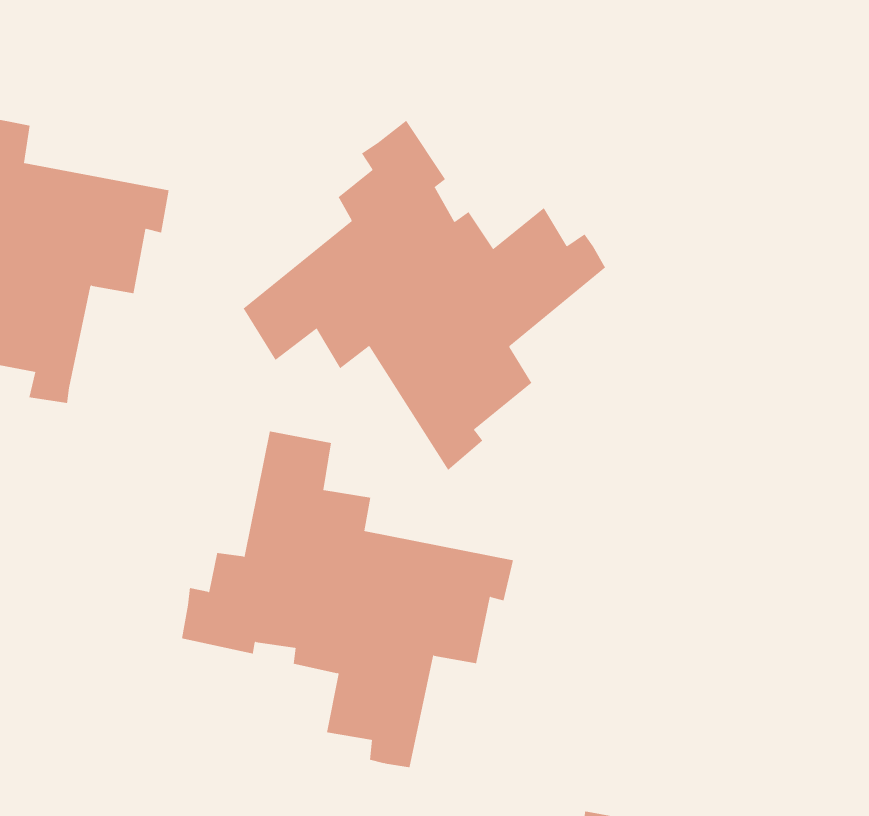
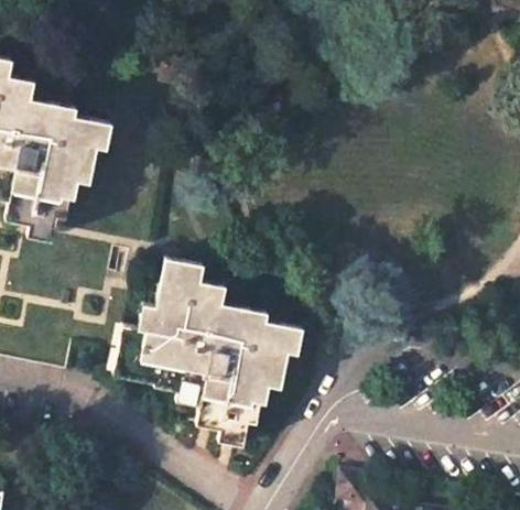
building: [243,120,606,471] -> none

